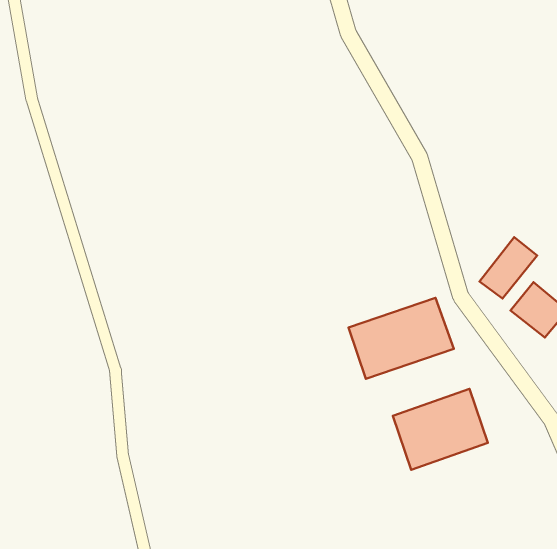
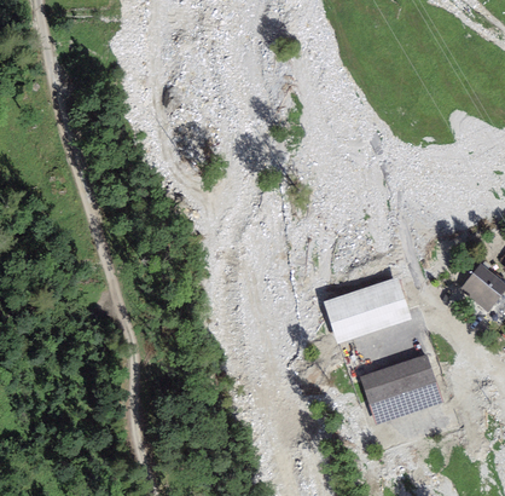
building: [479,237,537,299] -> none

